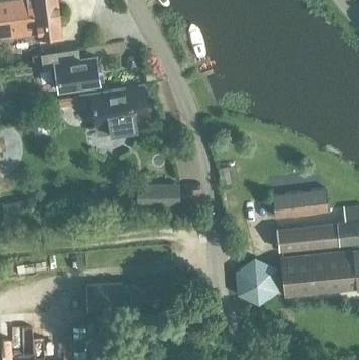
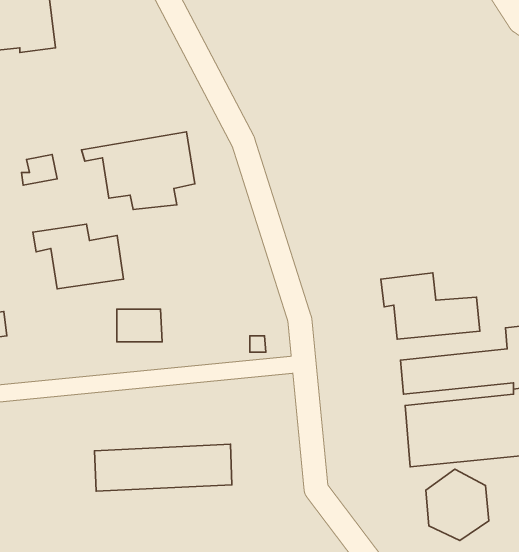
building: [43,51,100,92] -> [33,224,124,289]
building: [152,188,180,208] -> [117,309,162,342]
building: [236,258,276,303] -> [426,469,489,540]

